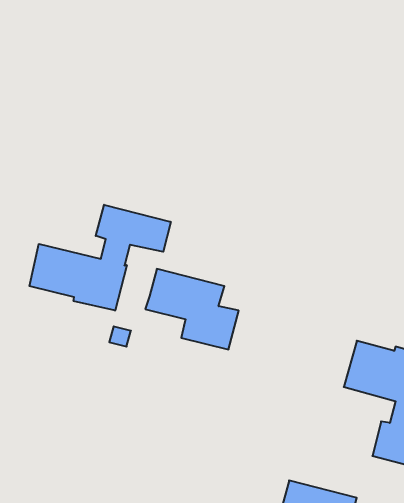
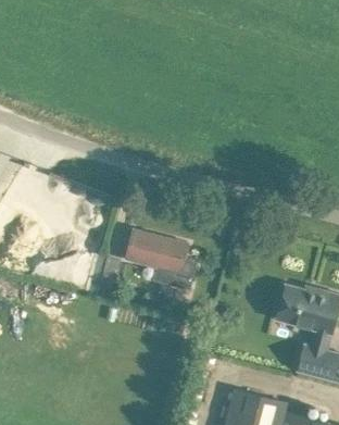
building: [29,205,171,311] -> none

